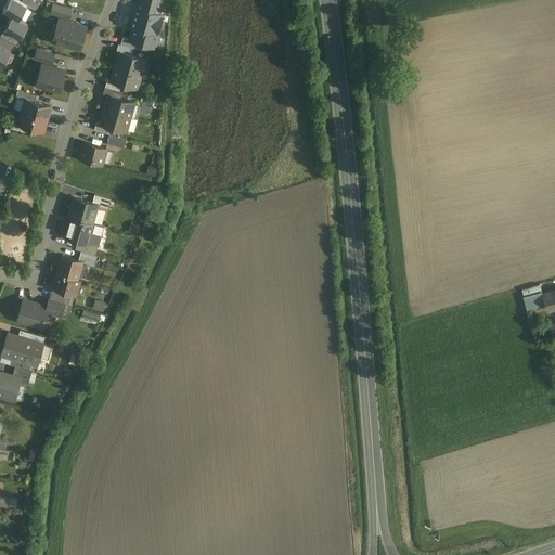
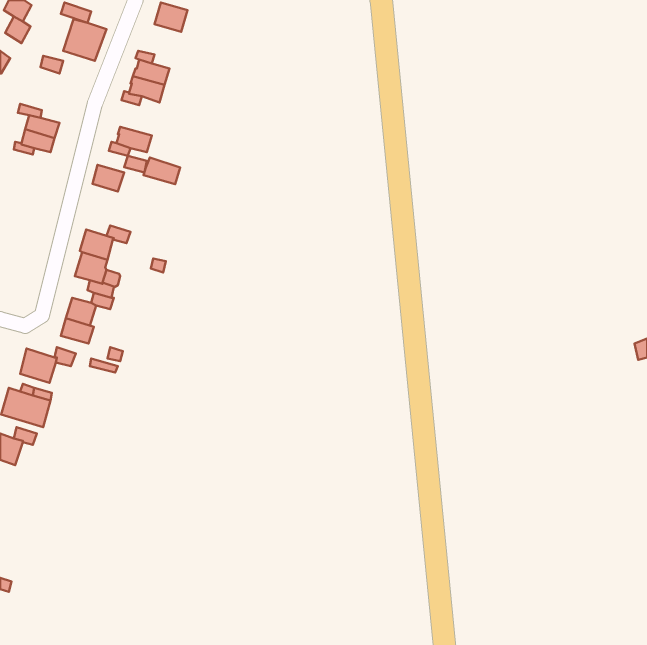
building: [127,23,155,48] -> none
building: [37,66,65,93] -> none
building: [103,95,134,118] -> [143,157,180,184]

